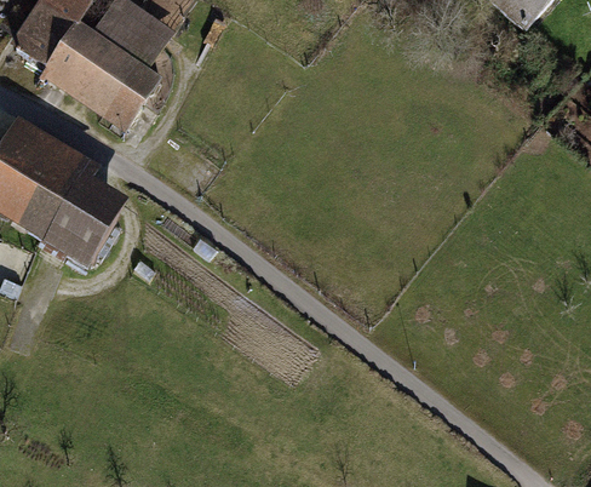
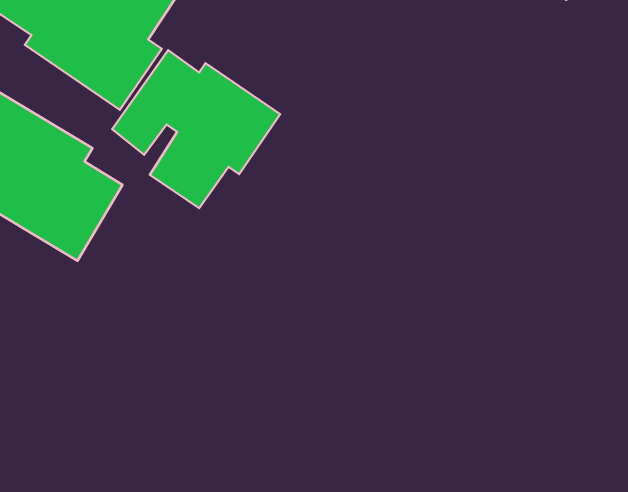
building: none -> [112,50,280,208]

